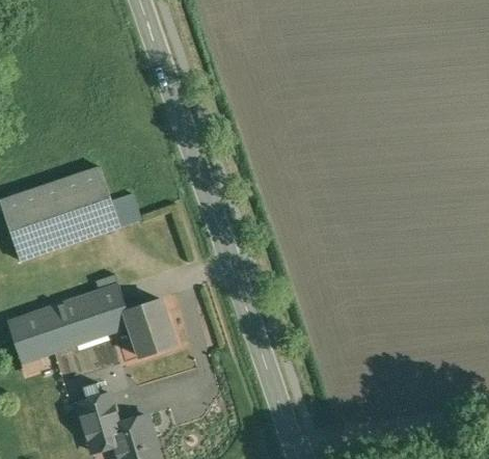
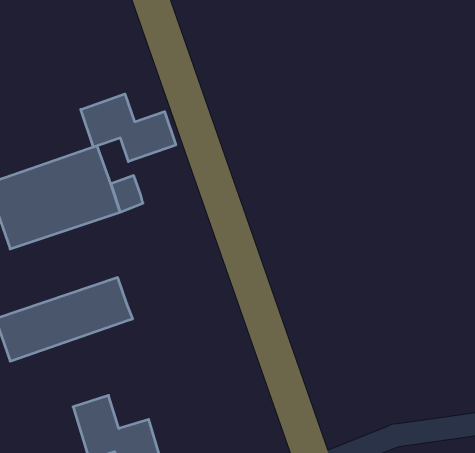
building: none -> [81,94,176,162]
building: [126,299,173,356] -> none

